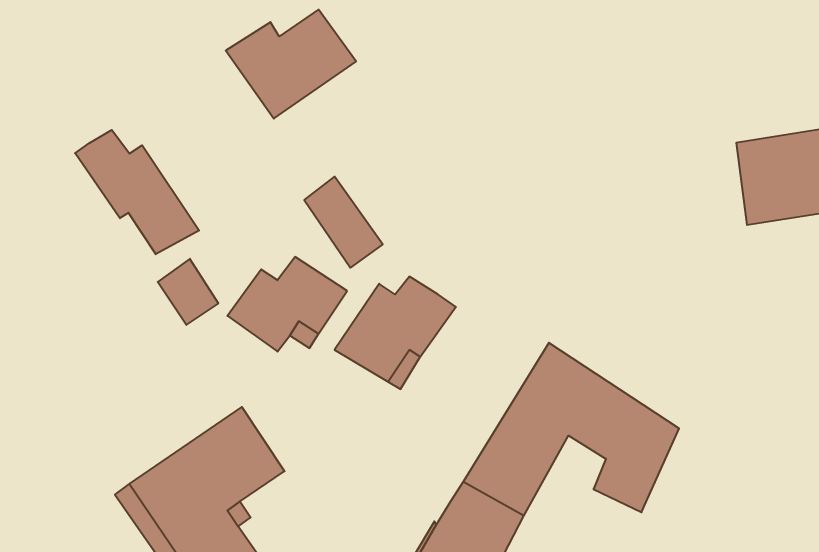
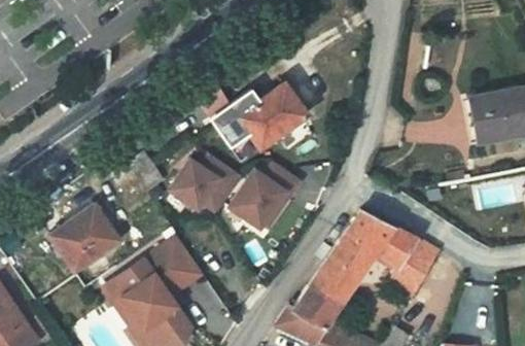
building: [226,10,356,119] -> [232,82,307,145]
building: [75,130,199,254] -> none
building: none -> [52,208,120,273]

